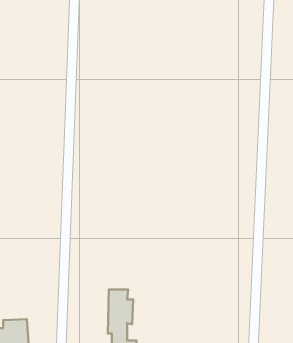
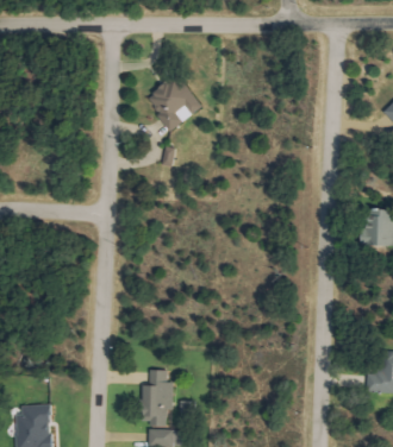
building: none -> [144,74,201,132]

